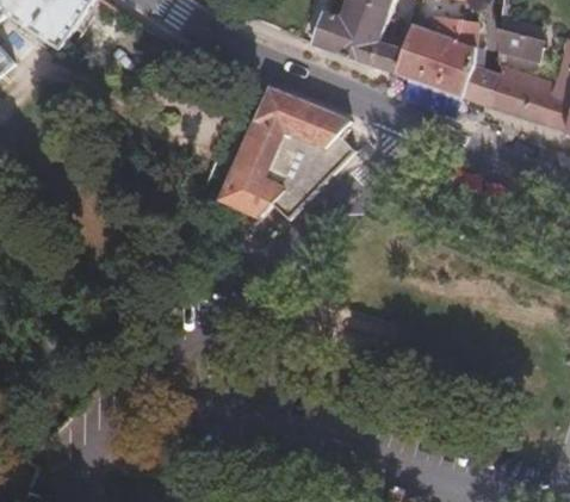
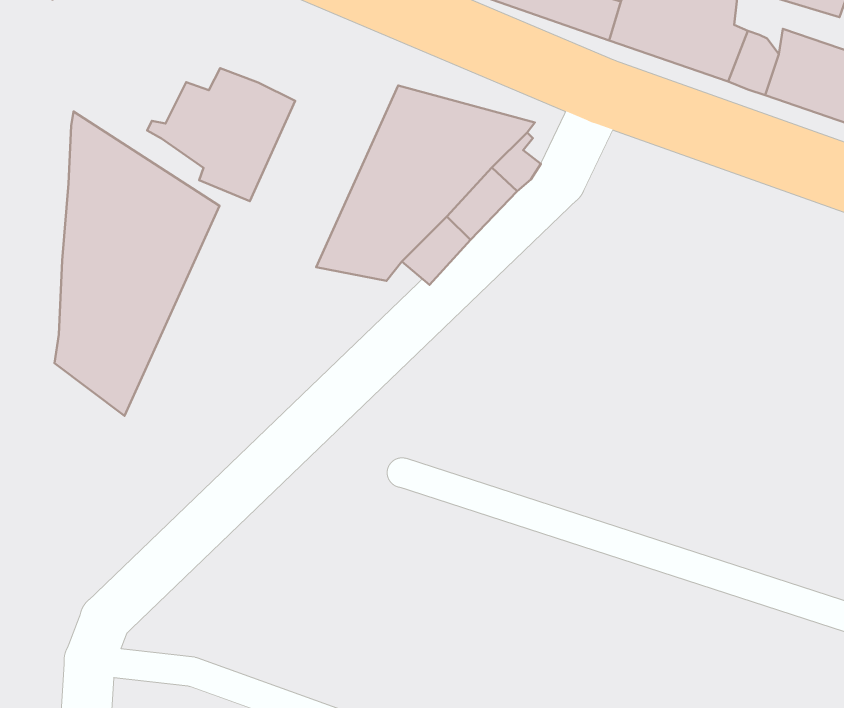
building: none -> [147,68,295,201]
building: none -> [54,111,219,416]

